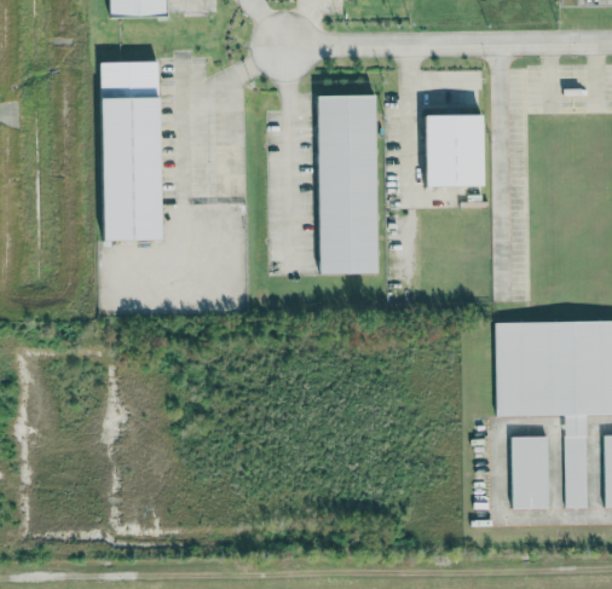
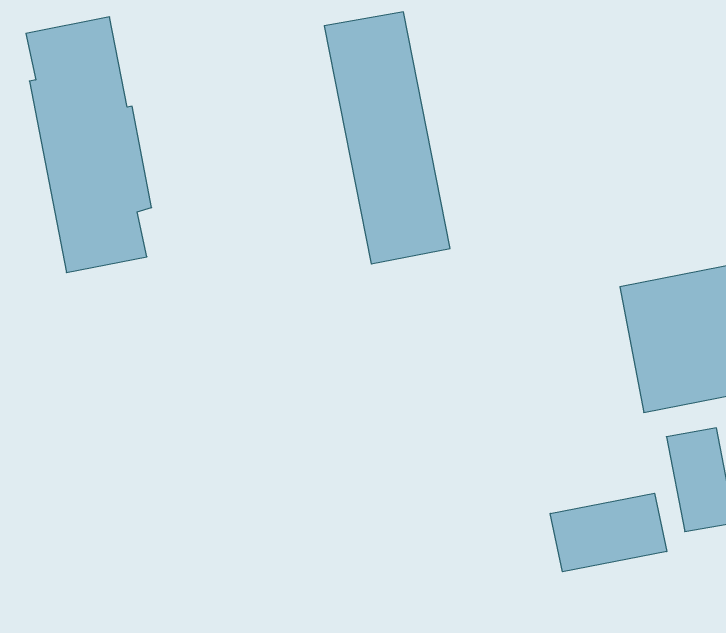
building: [421,114,483,186] -> none
building: none -> [550,493,667,572]

